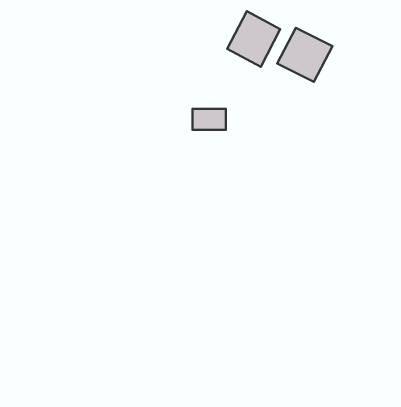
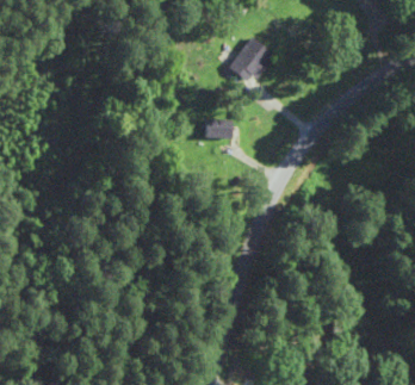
building: [277,28,333,82] -> none

